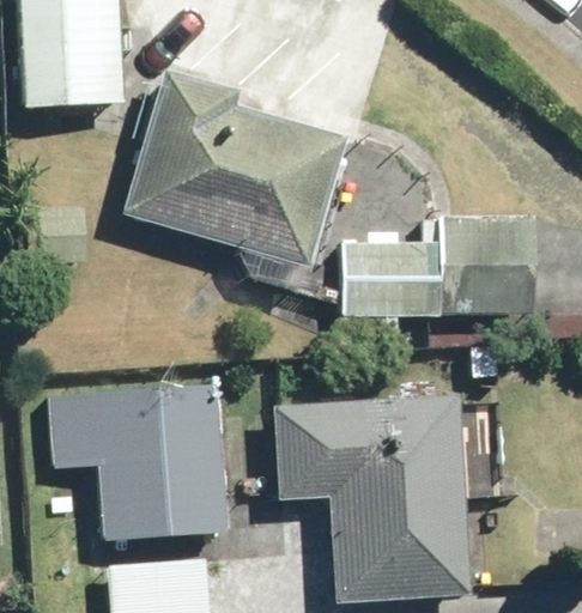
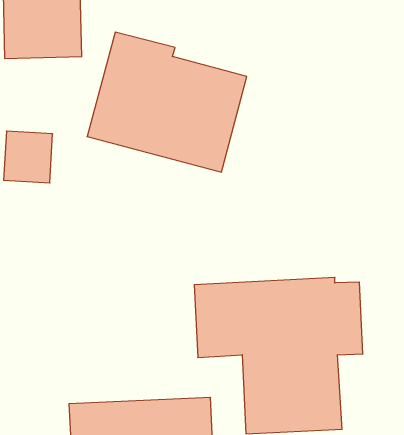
building: [339,213,533,322] -> none
building: [44,384,229,536] -> none

